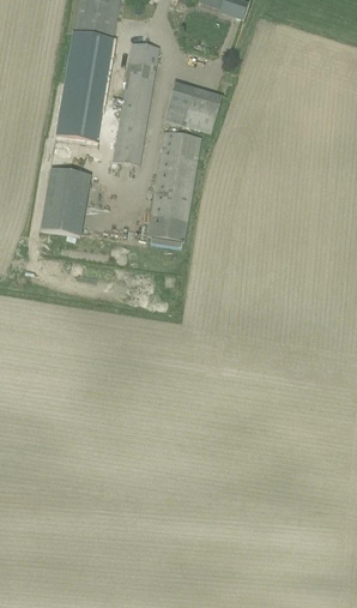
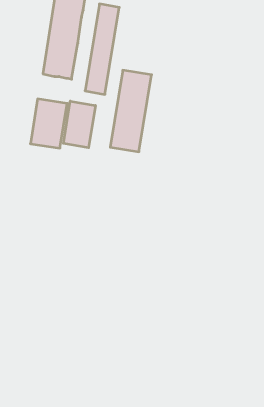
building: [165,82,223,130] -> none
building: none -> [63,101,95,148]

